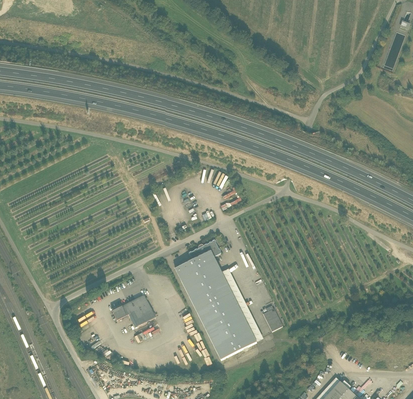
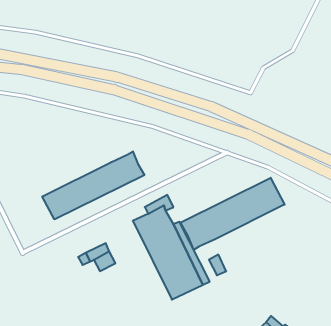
building: none -> [42,151,144,219]
building: none -> [180,178,285,250]

